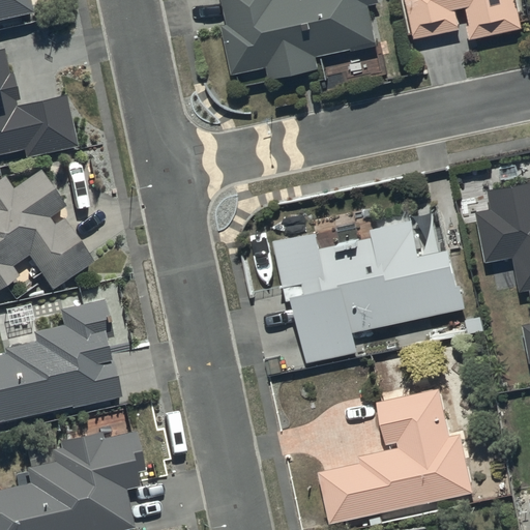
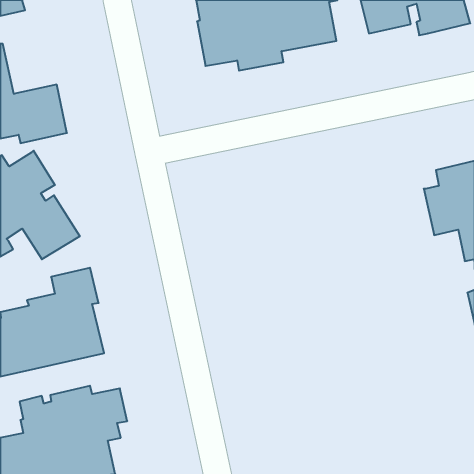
building: [272,218,465,363] -> none
building: [318,386,472,523] -> none

